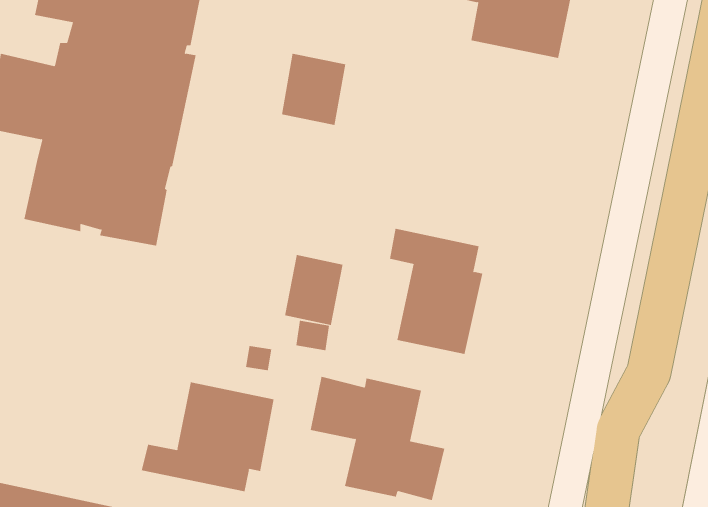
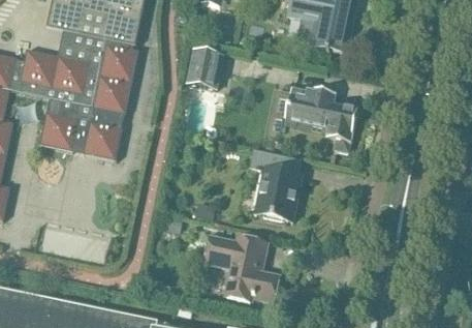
building: none -> [280,86,356,151]
building: [284,254,343,326] -> none
building: [141,381,274,492] -> none

